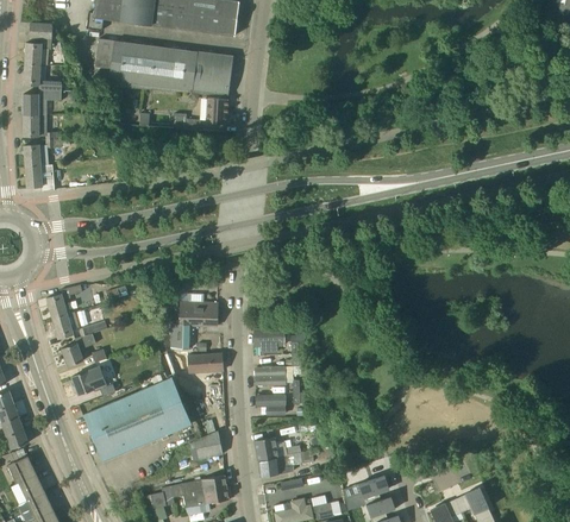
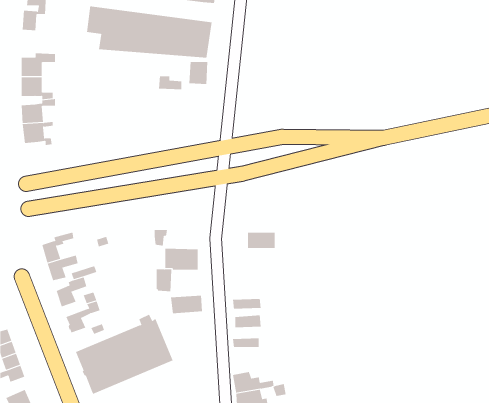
building: [24,64,62,90] -> none
building: [256,331,287,348] -> [247,232,275,249]
building: [189,430,224,460] -> none

